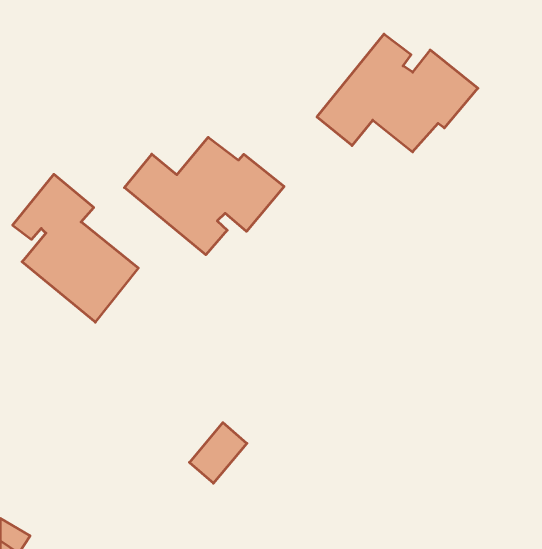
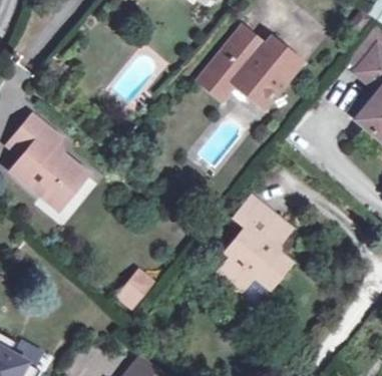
building: [124,137,284,255] -> none
building: none -> [218,198,288,303]

